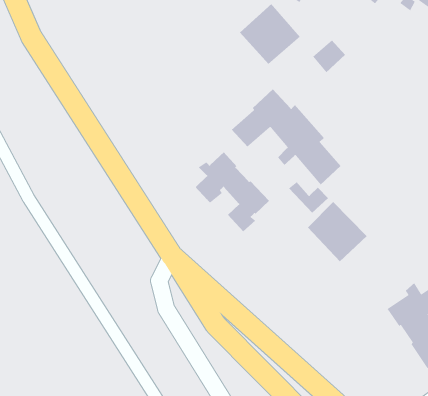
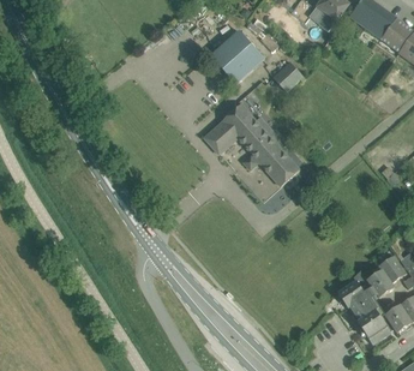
building: [194,151,270,232] -> none
building: [307,201,368,262] -> none

